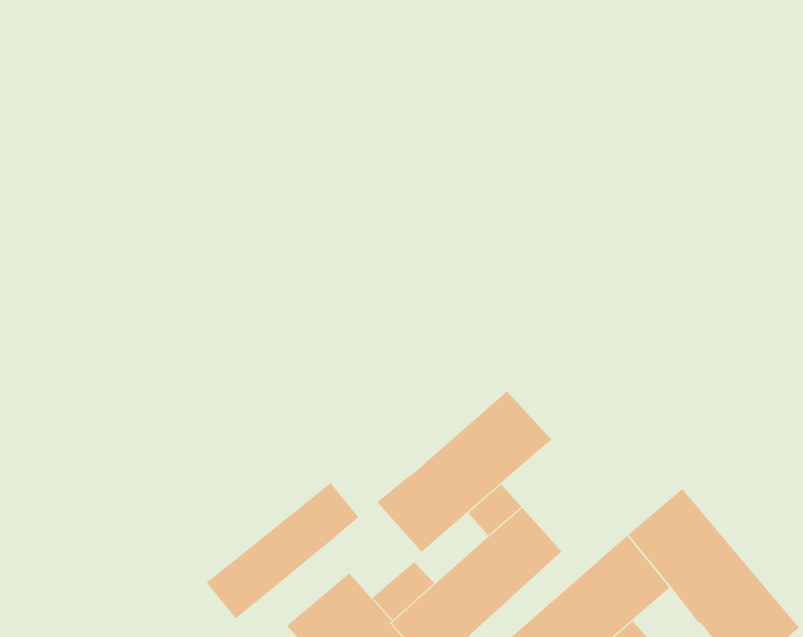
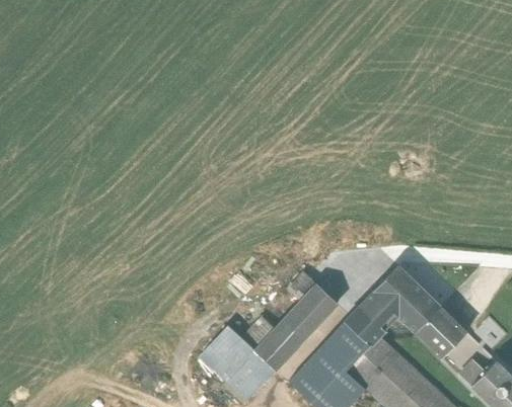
building: [376,390,552,553] -> none
building: [206,482,359,619] -> none

